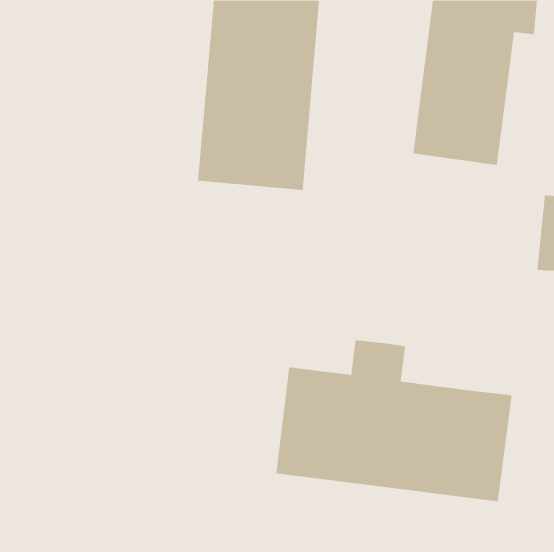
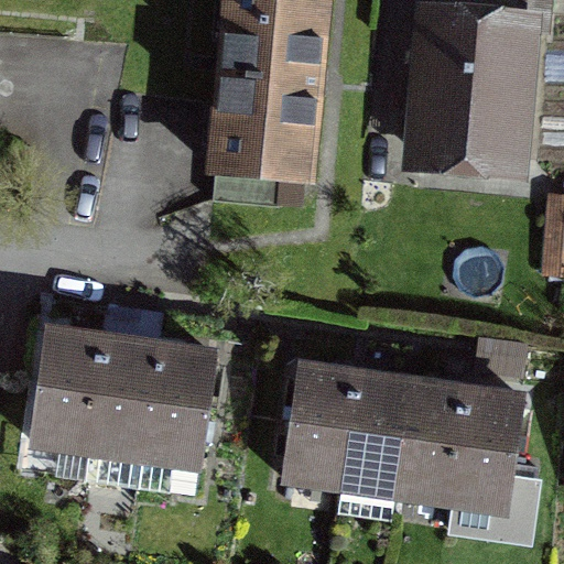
building: none -> [28,317,216,470]

